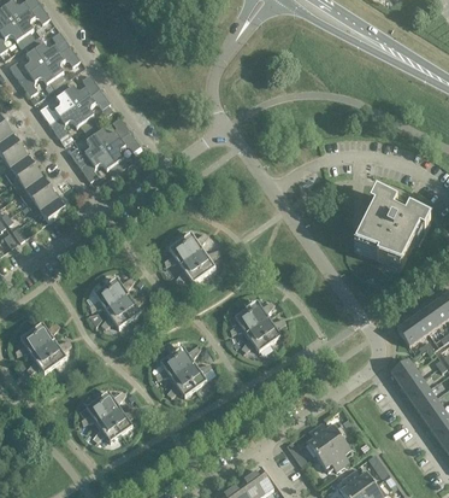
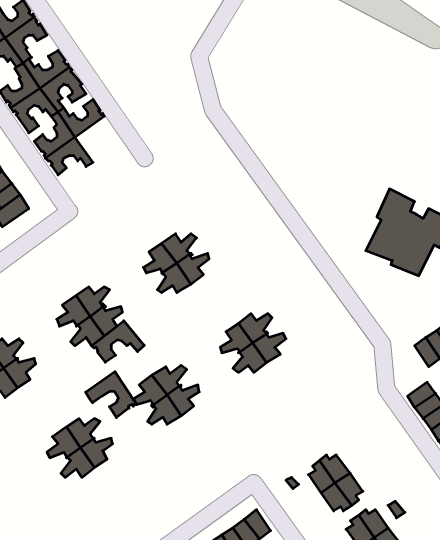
building: [104,129,140,169] -> none
building: none -> [92,321,144,362]
building: none -> [86,372,136,418]

